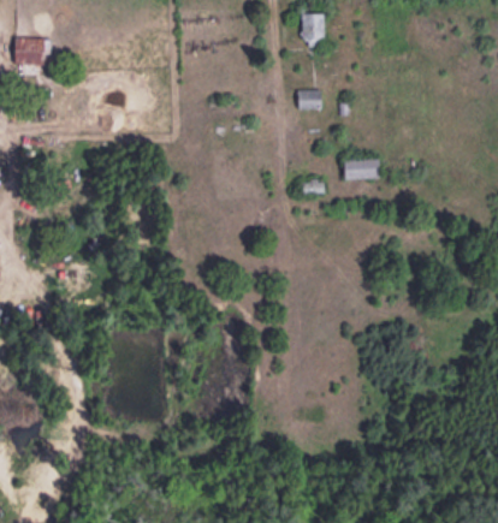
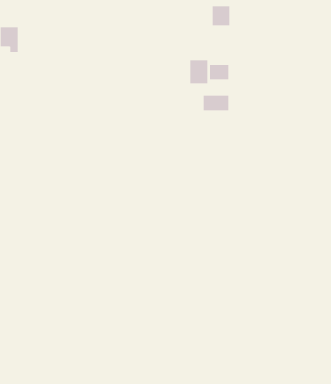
building: none -> [190,59,208,84]
building: [340,159,375,179] -> [203,95,229,111]

